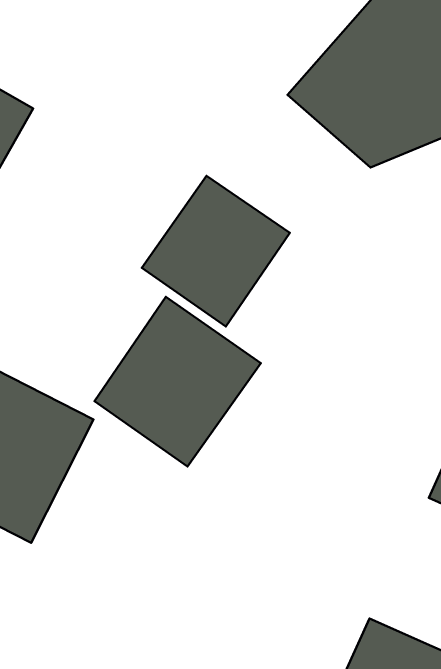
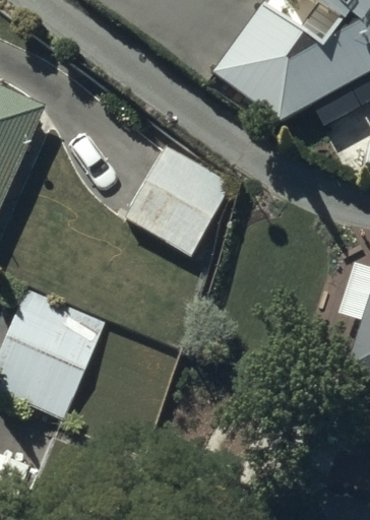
building: [95,297,261,467] -> none

